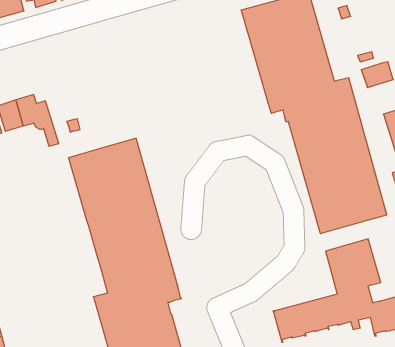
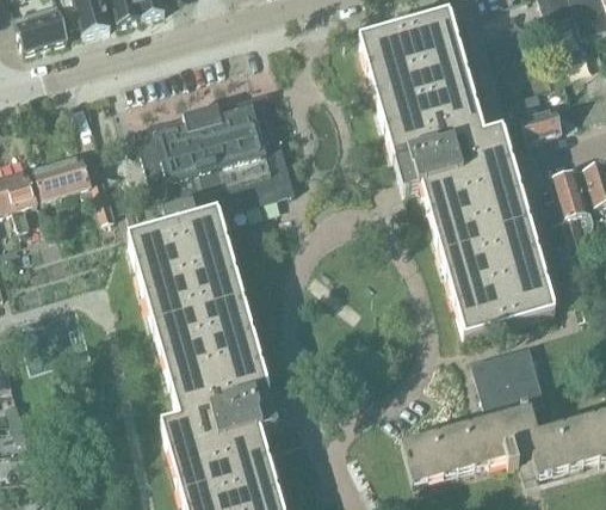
building: none -> [135,87,296,217]

